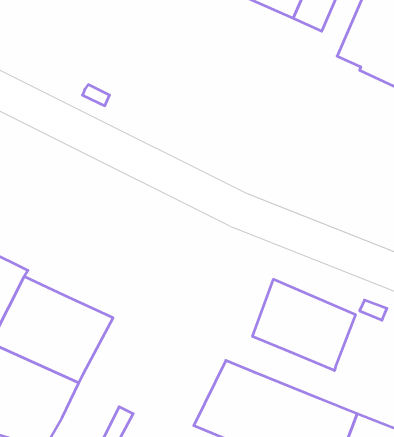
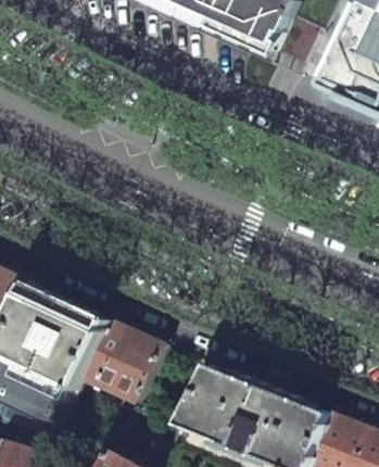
building: [253,279,355,371] -> none
building: none -> [81,319,165,403]

